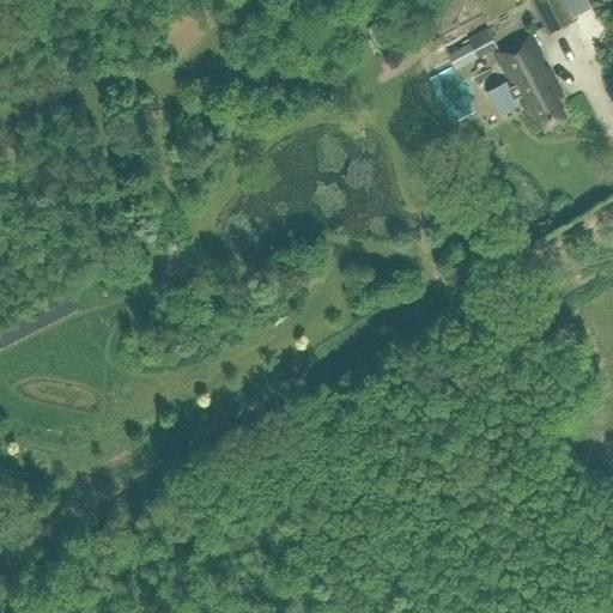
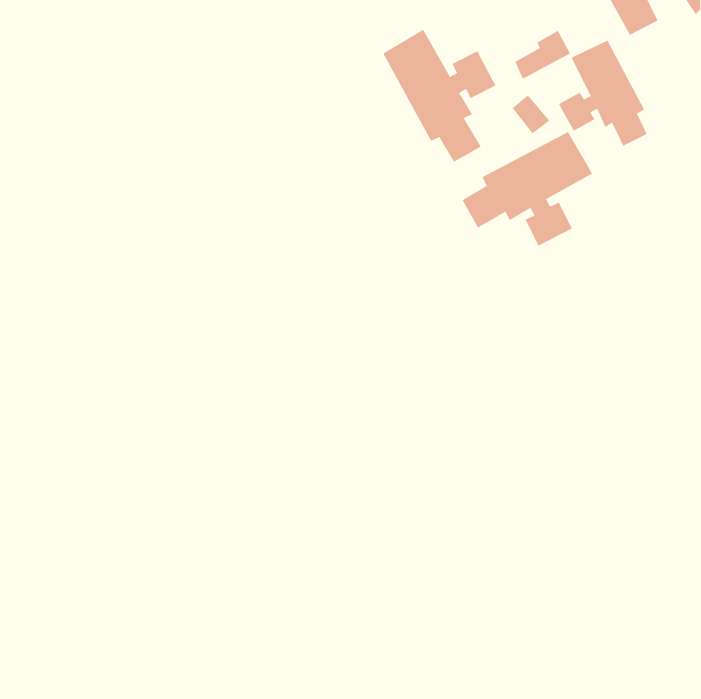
building: none -> [383,29,496,163]
building: none -> [462,131,593,246]

